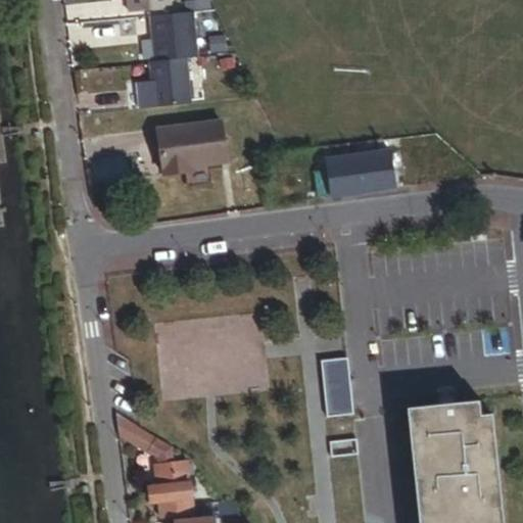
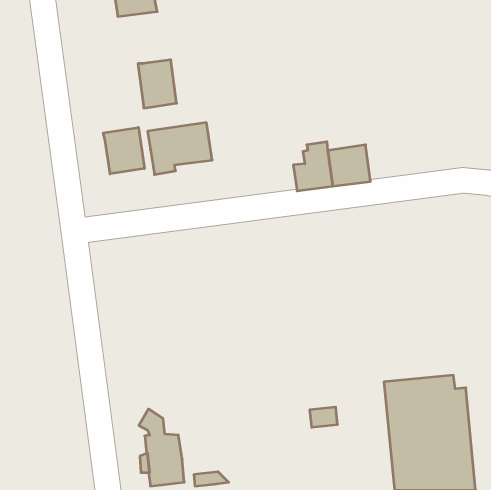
building: [146,15,197,67] -> none
building: none -> [103,127,144,174]
building: [320,353,352,413] -> none

